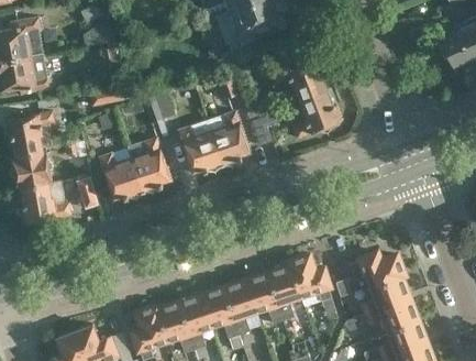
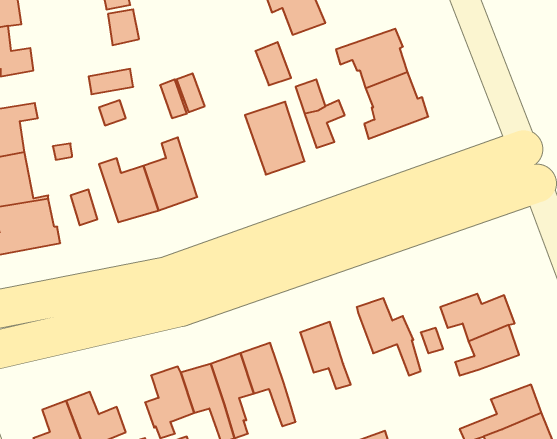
building: [177,120,221,174] -> none
building: [268,266,300,319] -> none
building: [224,281,256,336] -> none
building: [343,297,417,330] -> none

